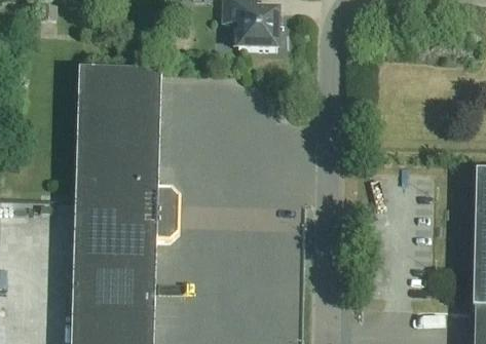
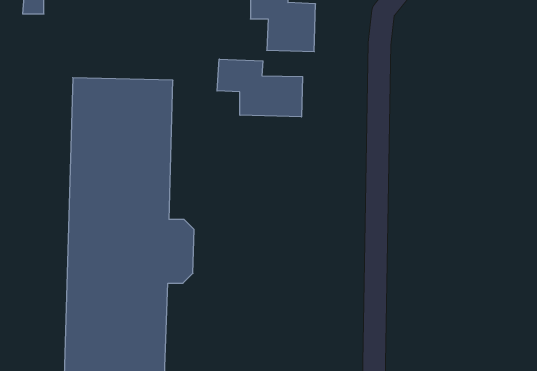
building: none -> [217,59,303,117]

